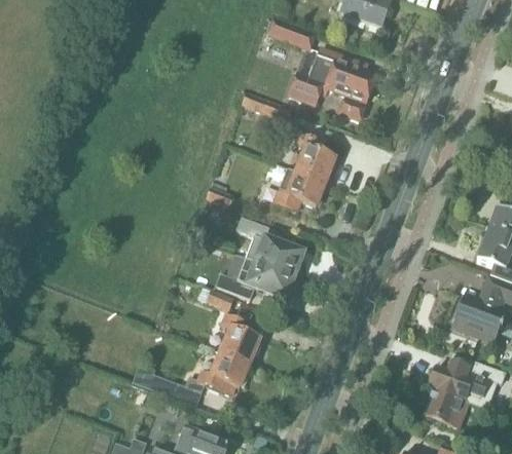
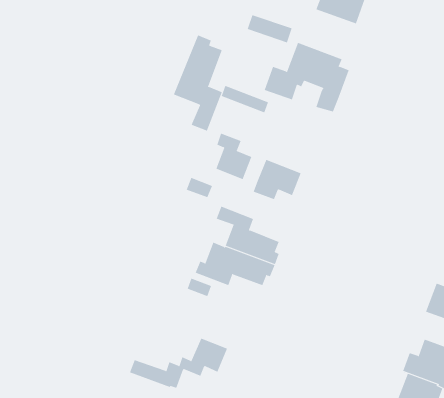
building: none -> [173,34,223,132]
building: [296,134,334,182] -> [215,133,252,180]
building: [221,314,258,363] -> none

